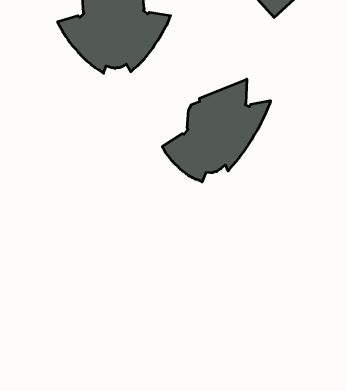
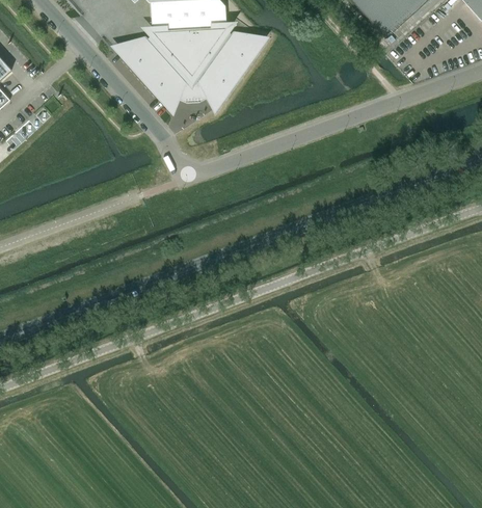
building: [162,79,270,182] -> none

